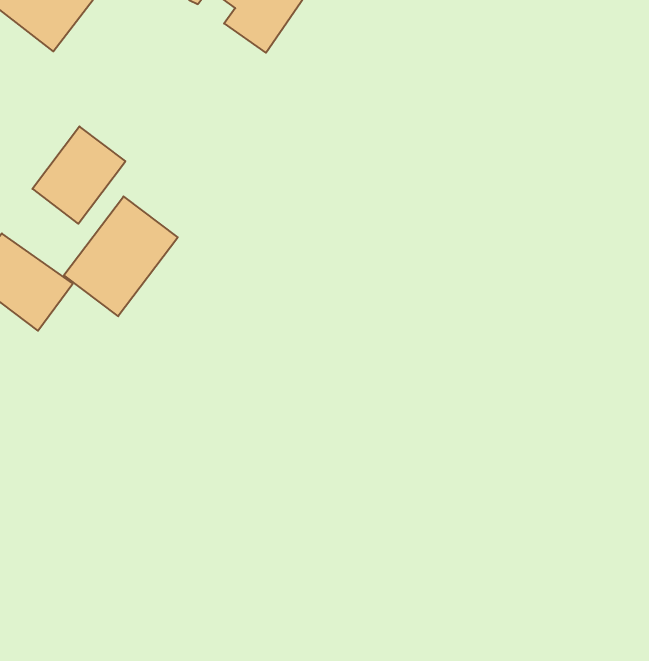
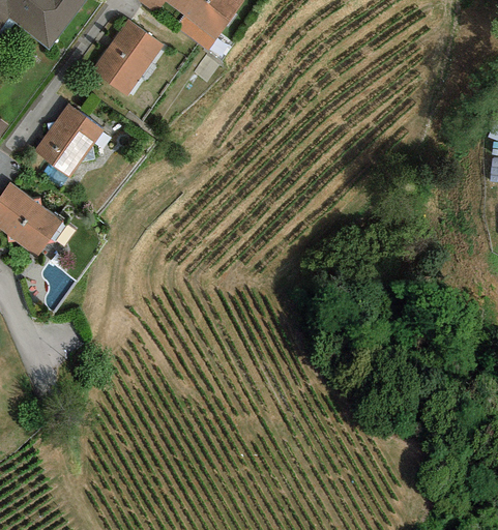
building: none -> [90,20,164,97]
building: [64,196,178,316] -> none

